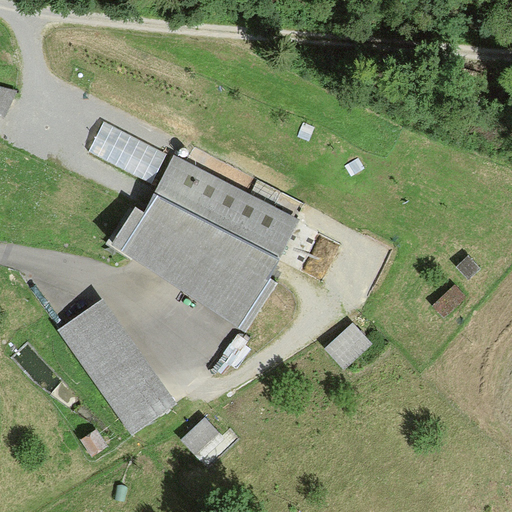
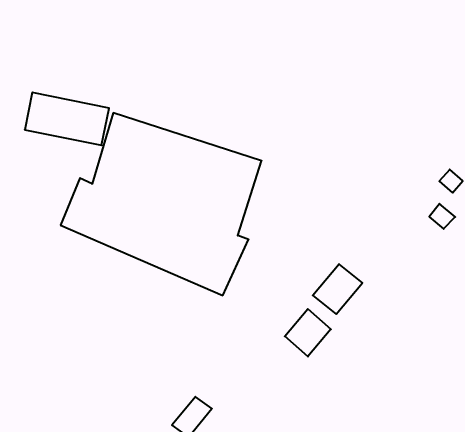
building: [57,297,175,432] -> none
building: none -> [285,309,331,357]

